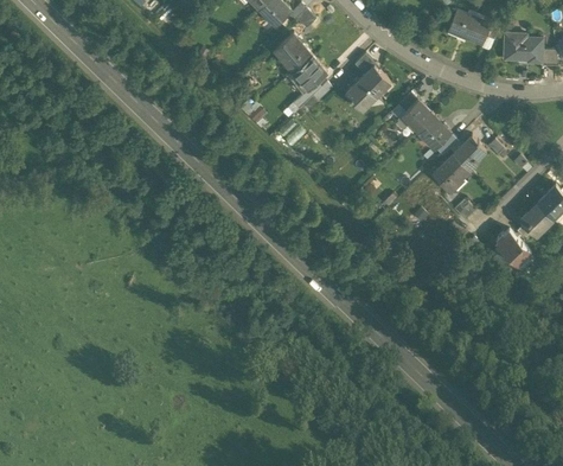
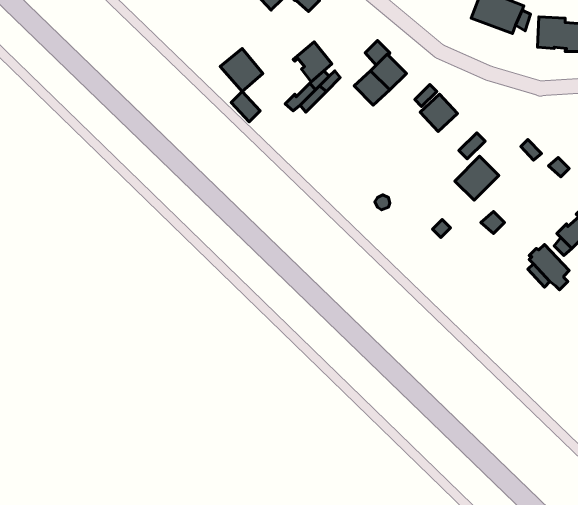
building: [274,33,311,70] -> [220,49,263,91]
building: [417,116,450,148] -> none
building: [453,135,484,170] -> none

